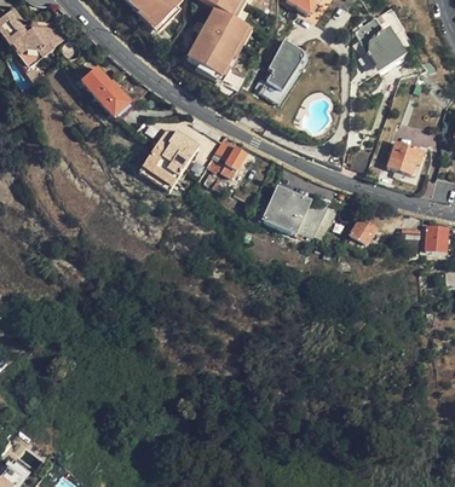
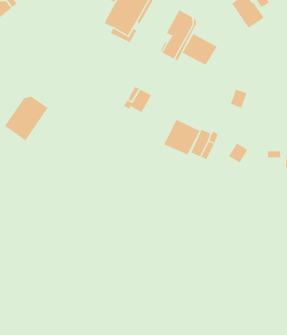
building: [82,66,131,116] -> none
building: none -> [182,33,218,66]
building: [142,132,201,192] -> [4,96,48,141]
building: [390,139,421,174] -> none

